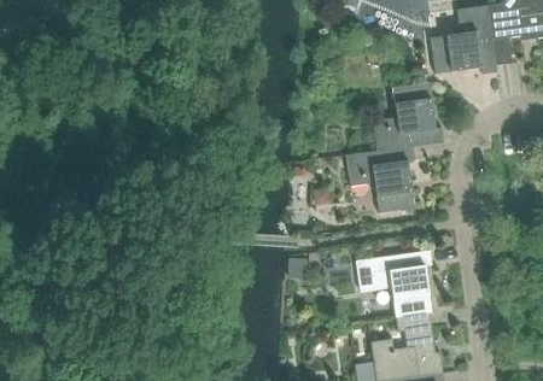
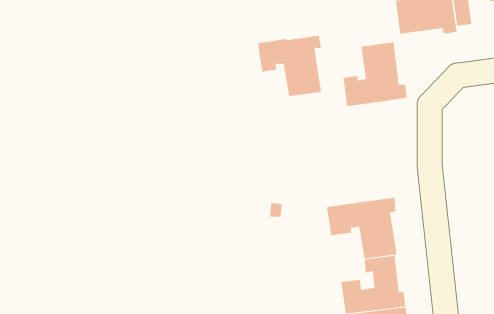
building: [345,147,415,213] -> [257,35,322,97]

